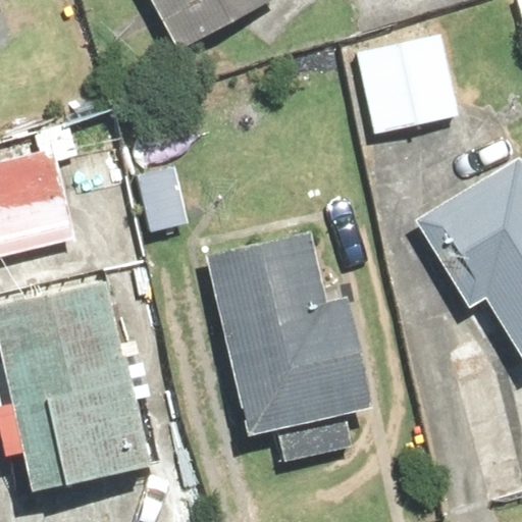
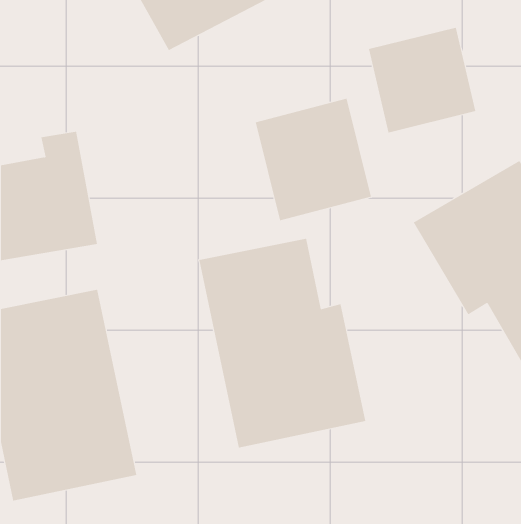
building: none -> [255,98,371,221]

